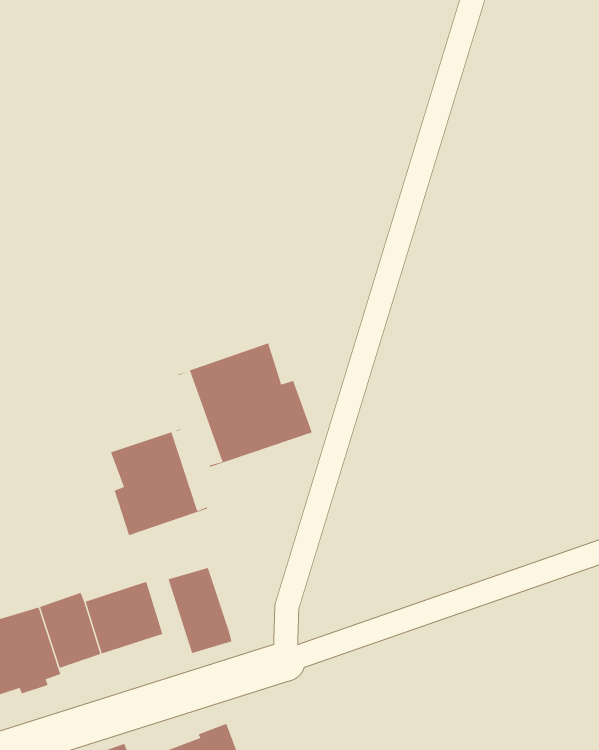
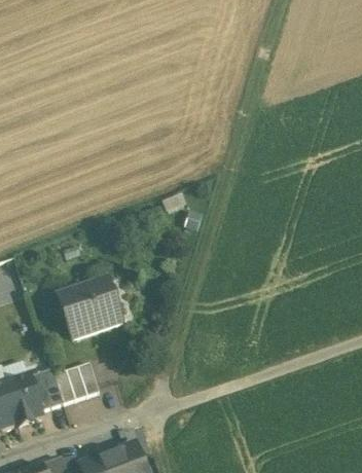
building: [177,342,313,468] -> none
building: [168,567,232,654] -> none

